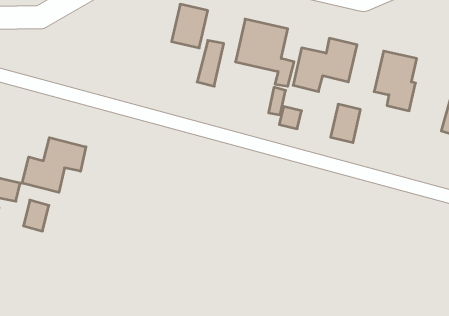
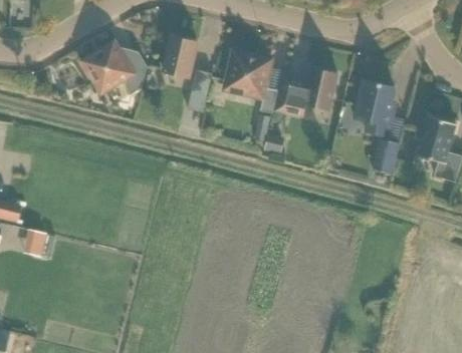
building: none -> [82,41,148,94]
building: [331,104,360,143] -> [373,137,401,173]
building: [22,138,86,192] -> none

